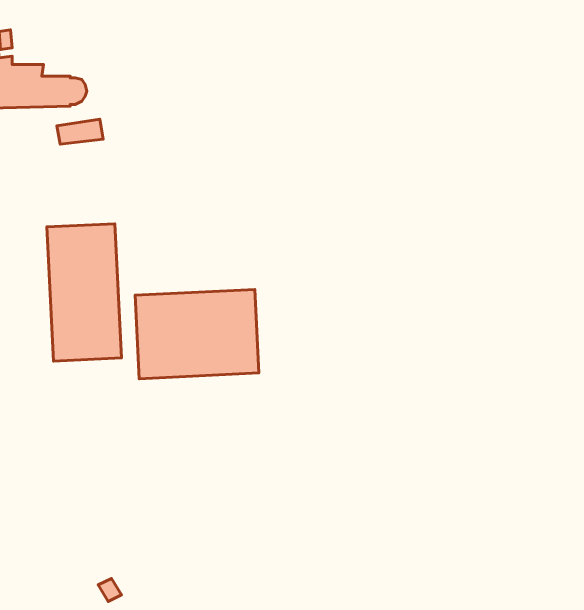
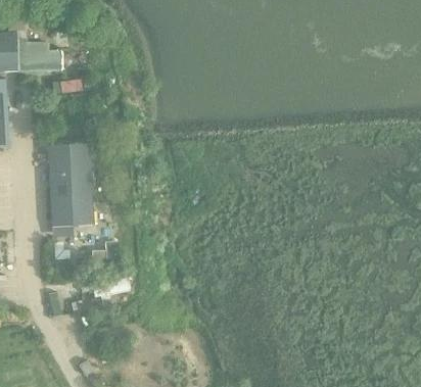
building: [135,289,259,379] -> none

